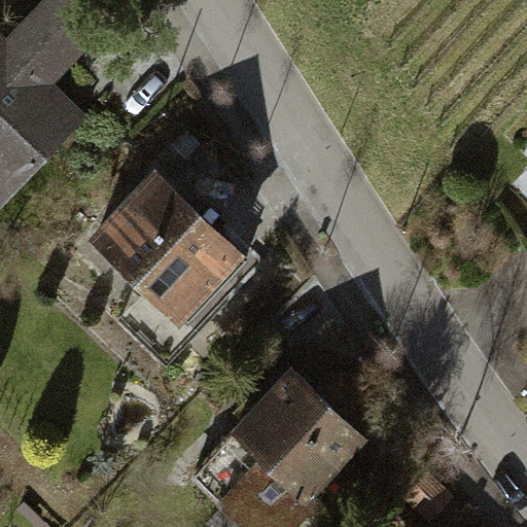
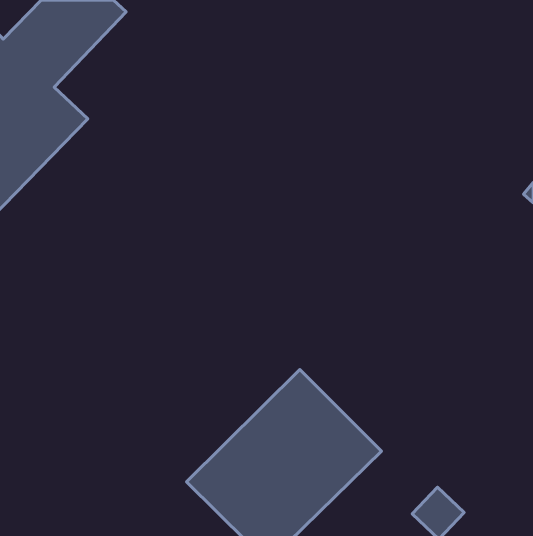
building: [86,171,244,327] -> none

